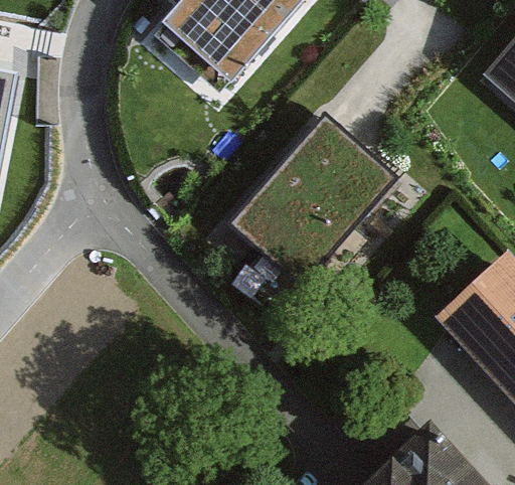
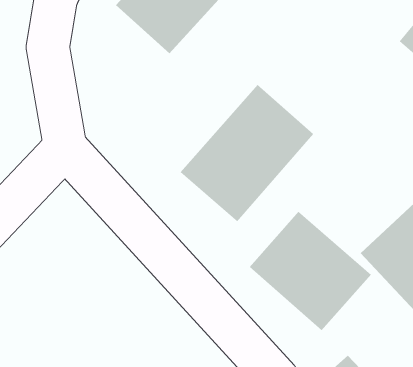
building: none -> [249,211,372,331]

